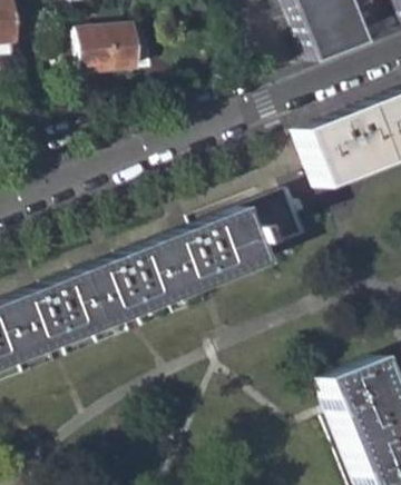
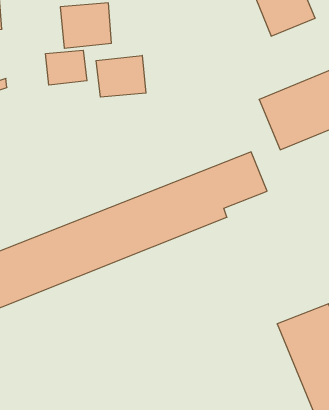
building: none -> [46,50,87,85]
building: none -> [96,55,146,97]

